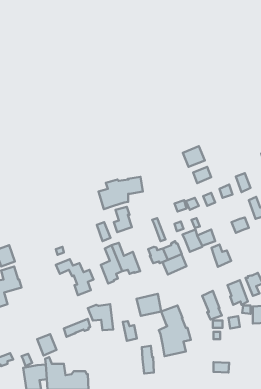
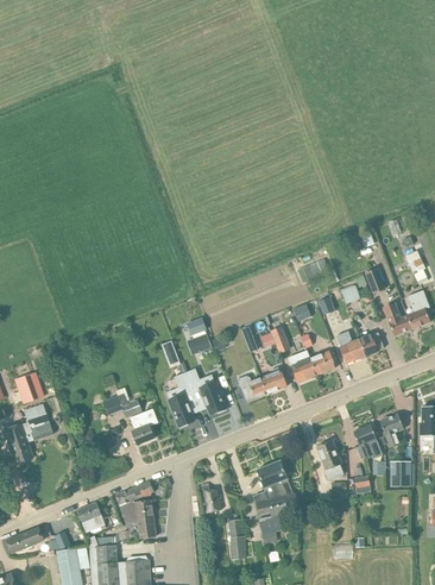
building: [183,146,205,167] -> none
building: [99,177,143,209] -> none
building: [211,245,231,267] -> [336,332,365,364]
building: [163,254,187,274] -> none
building: [136,294,161,316] -> none
building: [88,304,113,330] -> [119,501,156,539]

